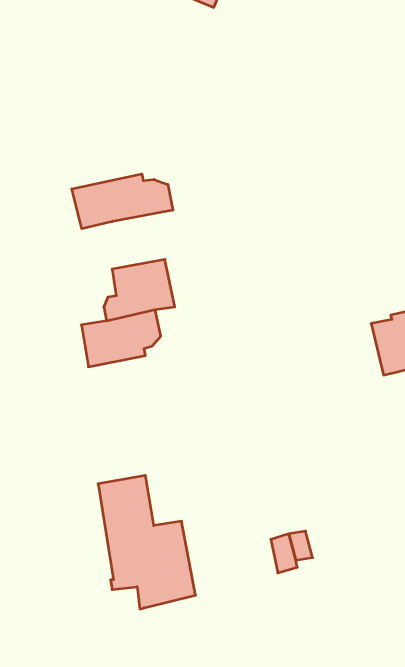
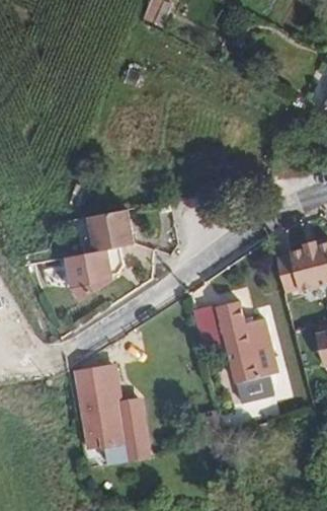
building: [72,174,173,229] -> none
building: none -> [194,302,279,403]

